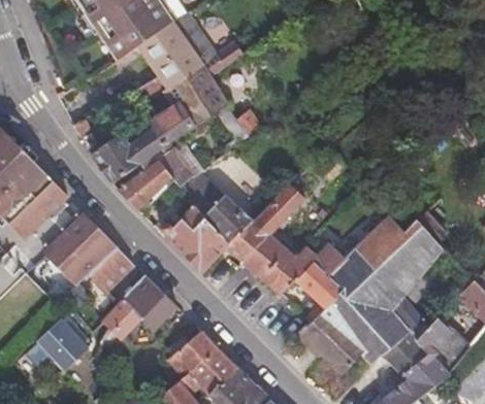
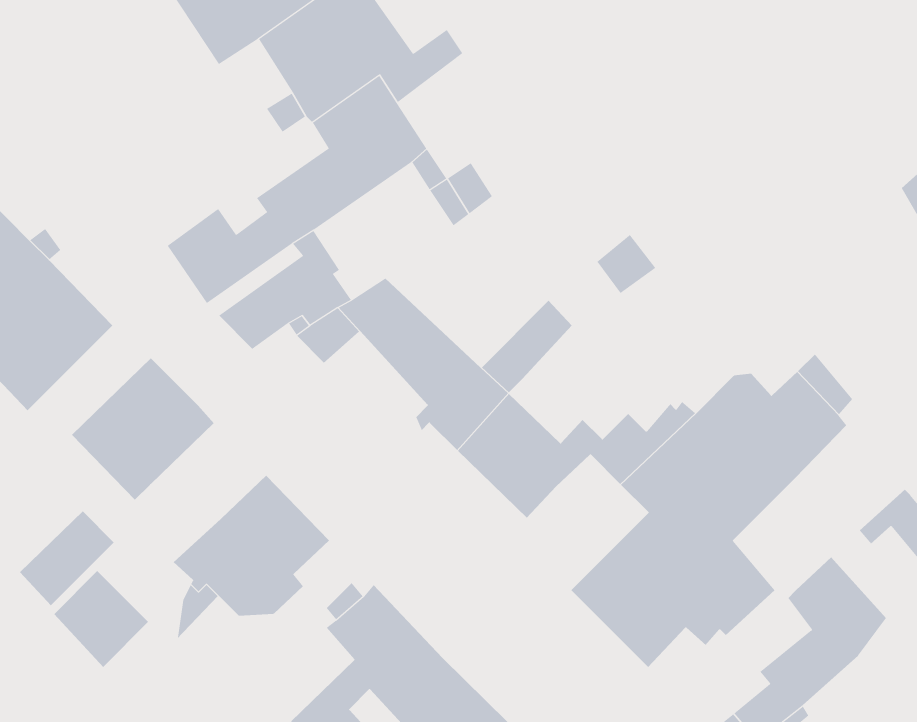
building: [164,205,228,274] -> none
building: [85,246,134,296] -> [19,511,115,606]
building: [295,263,343,309] -> none
building: [383,275,427,375] -> none

